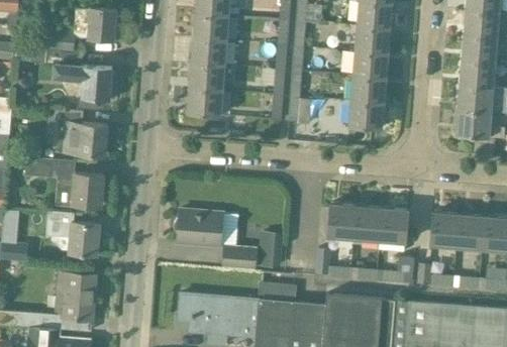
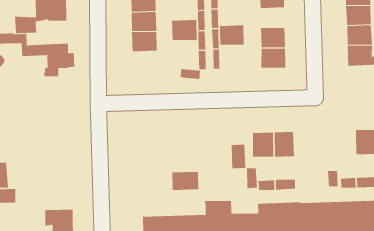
building: [353,50,387,78] -> [219,25,245,45]
building: [188,88,222,116] -> [171,19,198,41]
building: [53,108,108,156] -> none
building: [25,156,103,206] -> none
building: [380,209,409,242] -> none
building: [175,210,222,246] -> none
building: [45,211,100,254] -> none
building: [429,213,459,246] -> none
building: [259,235,279,266] -> [231,144,246,169]
building: [377,255,414,283] -> none

